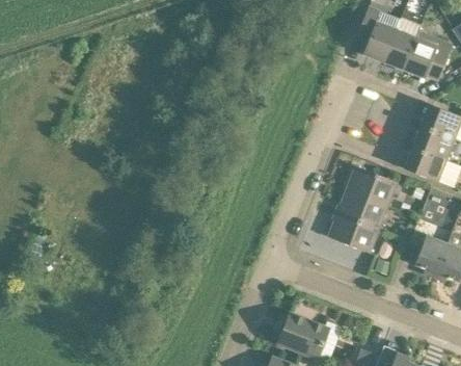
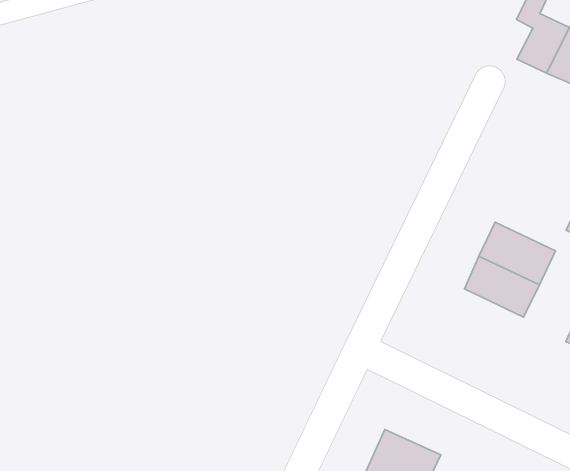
building: [328,213,379,254] -> none

